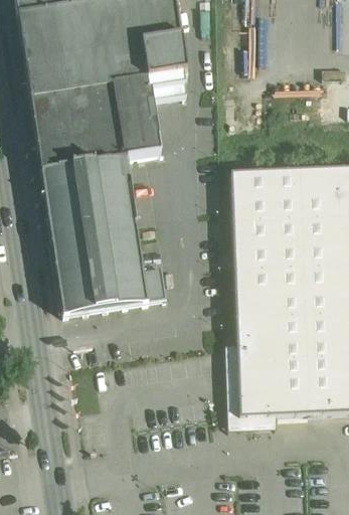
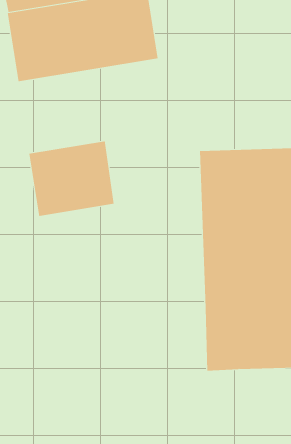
building: [28,67,186,173] -> none
building: [51,229,165,315] -> none
building: [224,345,275,428] -> none

